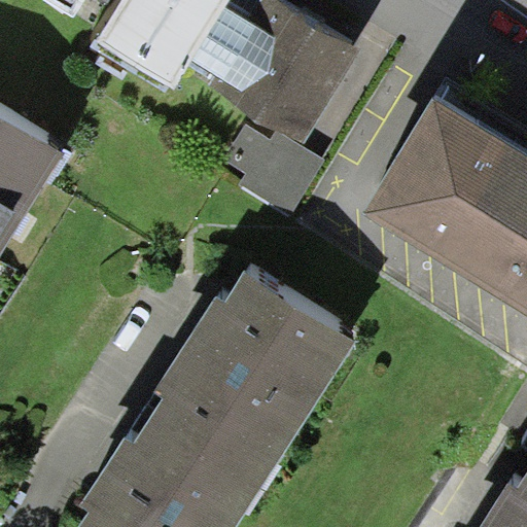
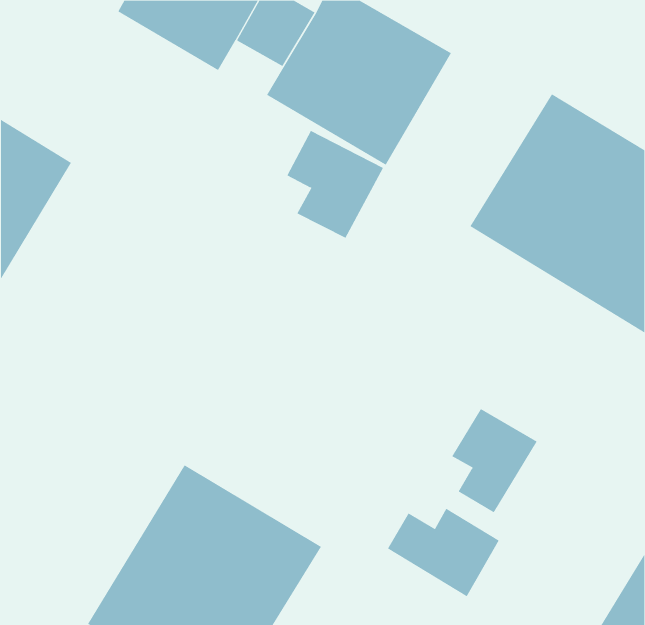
building: [150,265,342,462] -> none
building: none -> [451,408,537,513]
building: none -> [387,508,500,597]

